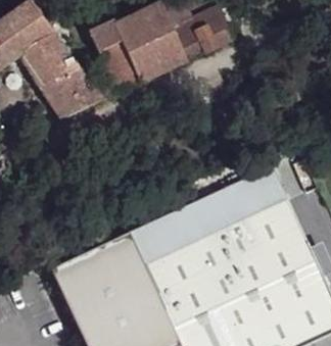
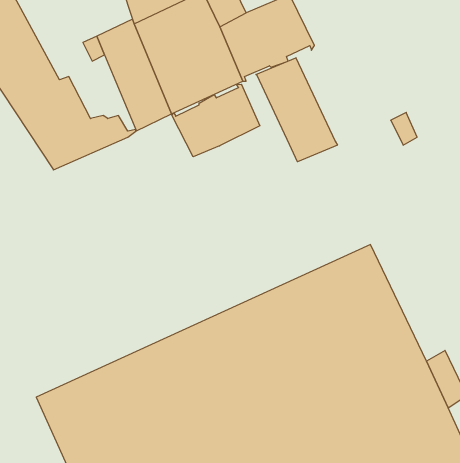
building: none -> [256,58,337,162]
building: none -> [172,84,260,157]

